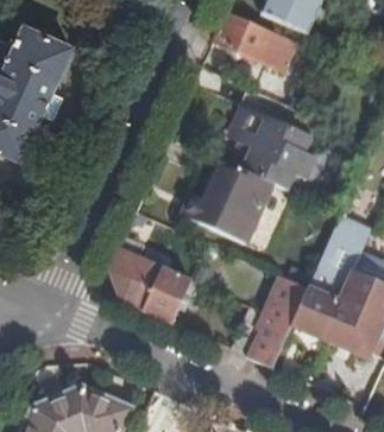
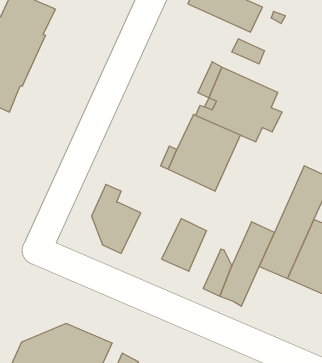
building: [143,266,191,323] -> [162,219,207,271]

